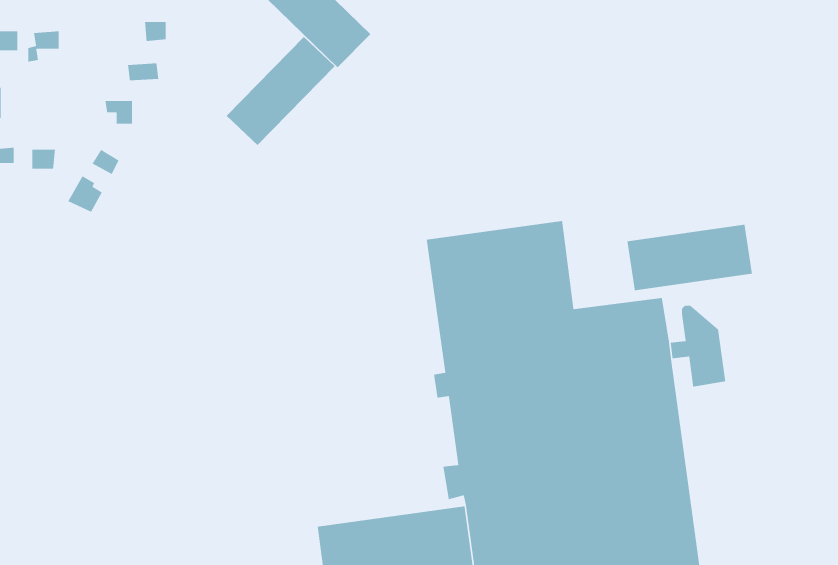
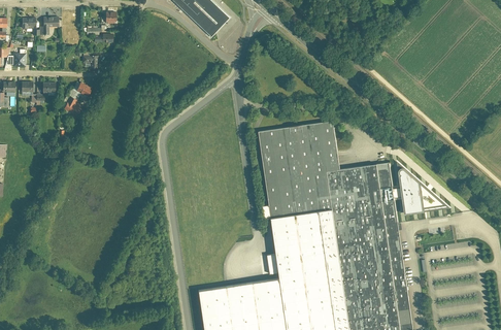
building: [226,36,335,146] -> none
building: [627,224,753,291] -> none

